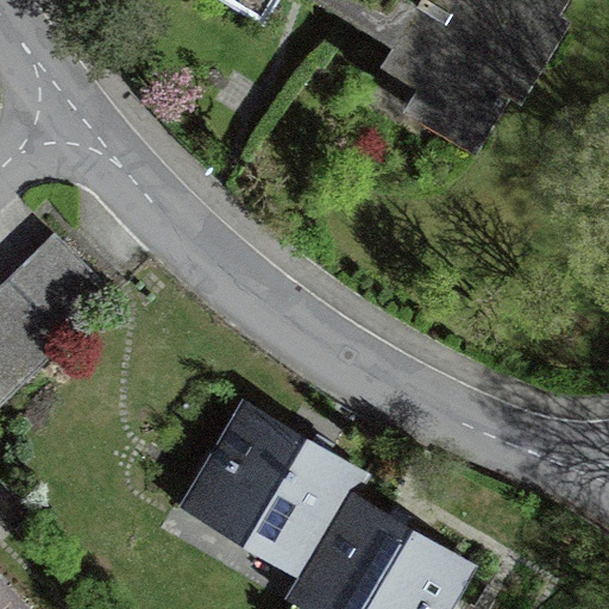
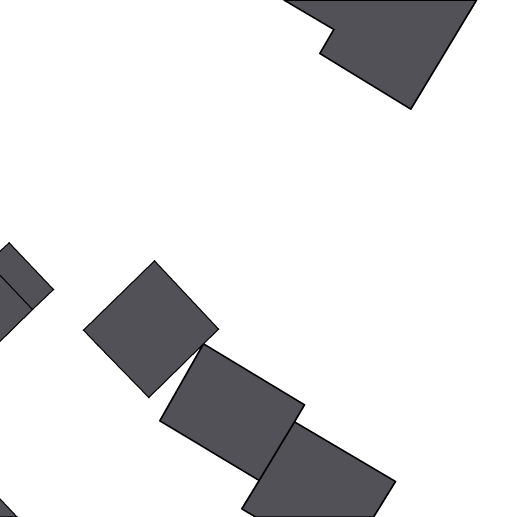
building: [11,240,108,338] -> none
building: none -> [83,261,218,397]

